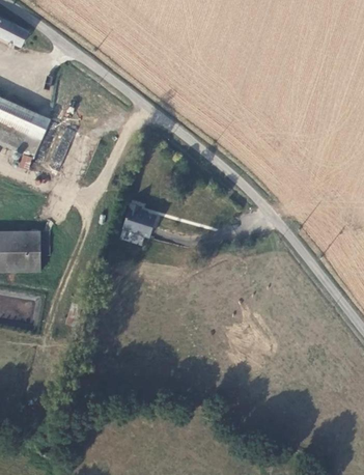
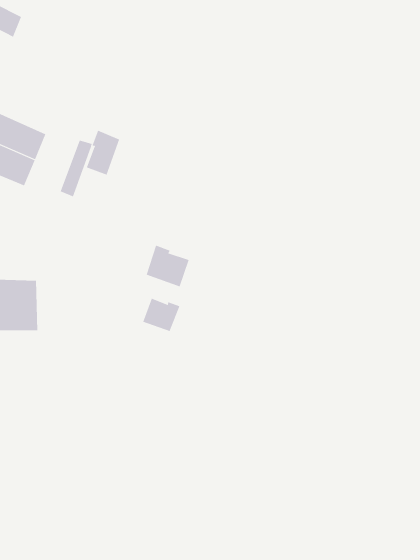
building: none -> [86,130,120,176]
building: none -> [143,298,180,332]

